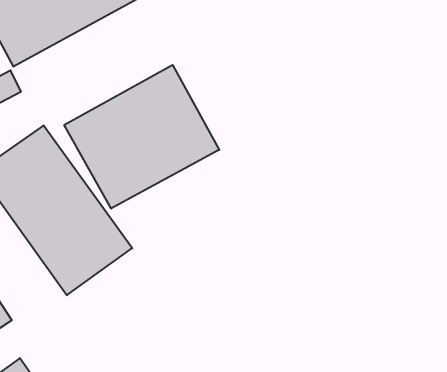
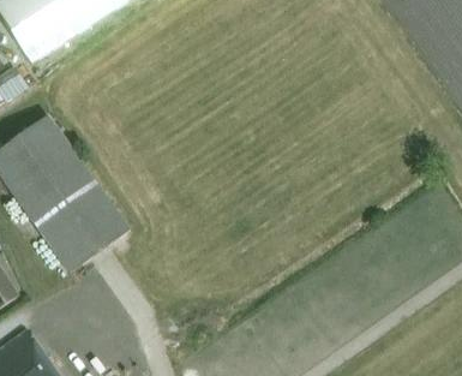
building: [64,65,219,209] -> none

